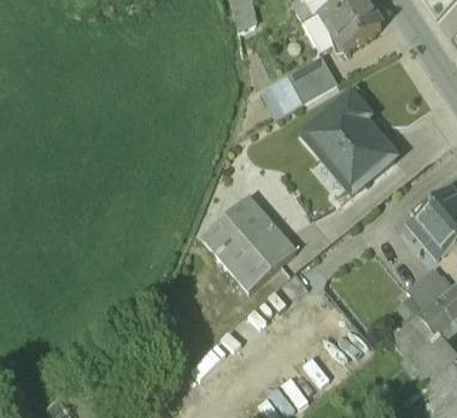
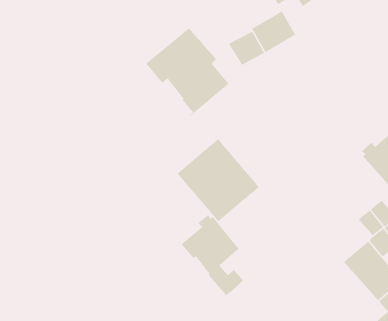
building: [300,90,396,192] -> [145,27,230,117]
building: none -> [181,214,244,296]

